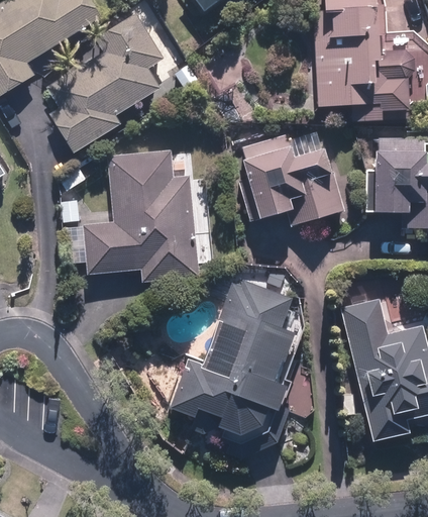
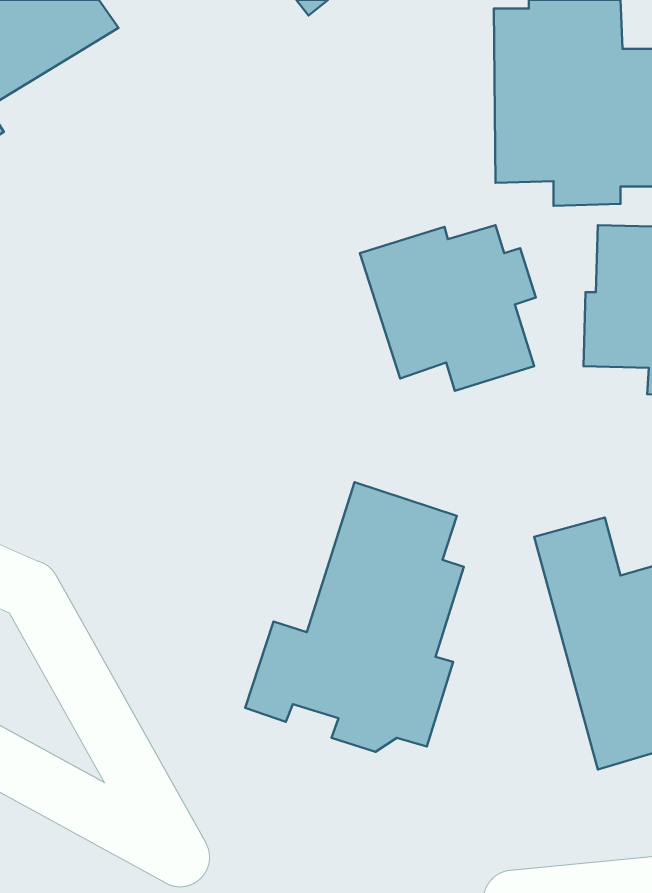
building: [44,15,173,153] -> none
building: [65,152,207,280] -> none

